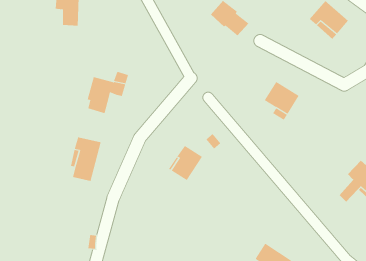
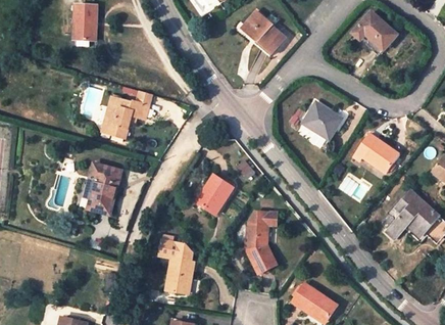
building: none -> [345,129,399,173]
building: none -> [245,210,277,273]
building: none -> [158,238,194,292]

